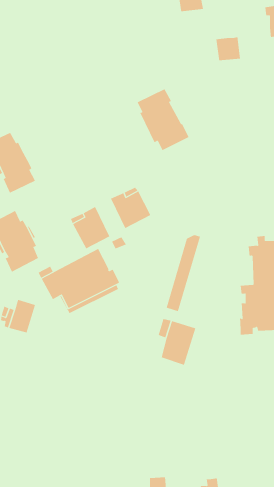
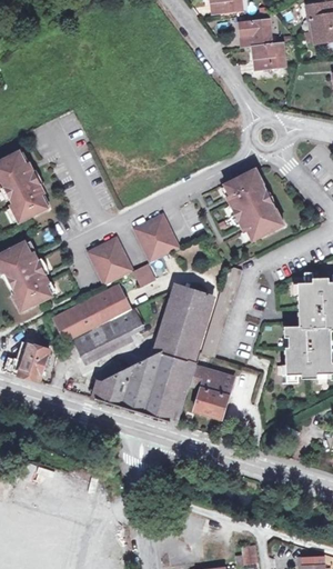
building: none -> [241,19,269,47]
building: [137,88,189,151] -> [223,168,283,239]
building: none -> [90,289,203,420]

